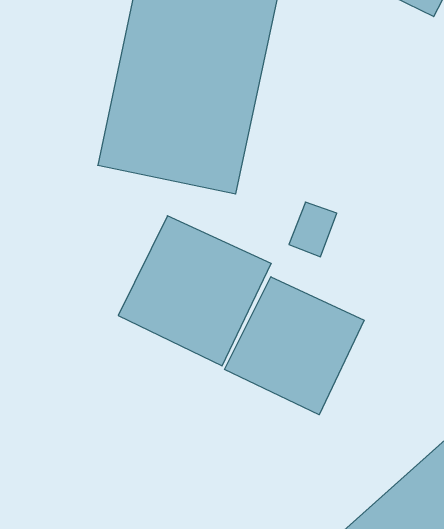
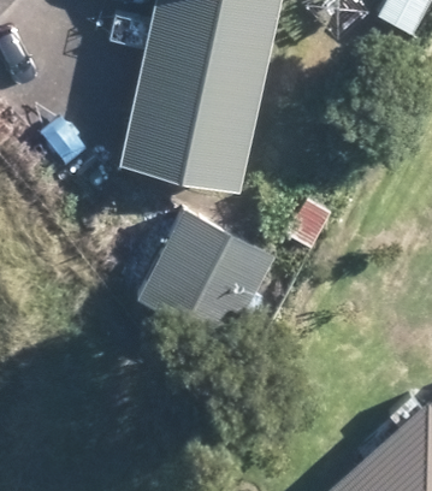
building: [225,277,364,415] -> none

